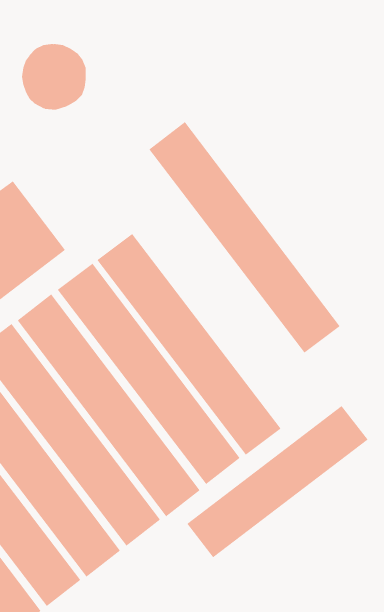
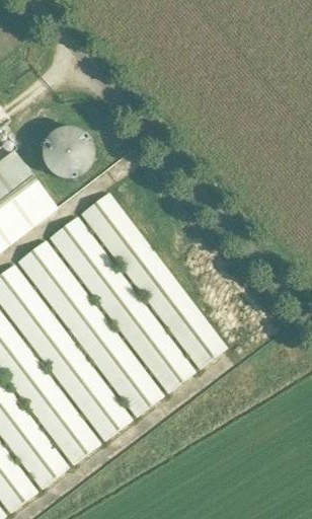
building: [21,44,87,110] -> [43,127,94,179]
building: [149,121,341,353] -> none
building: [186,405,368,558] -> none

